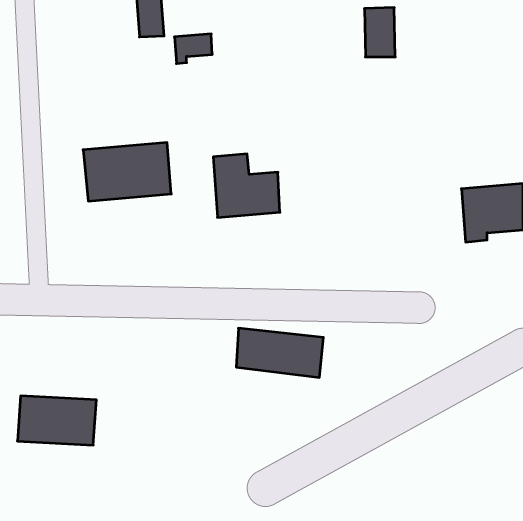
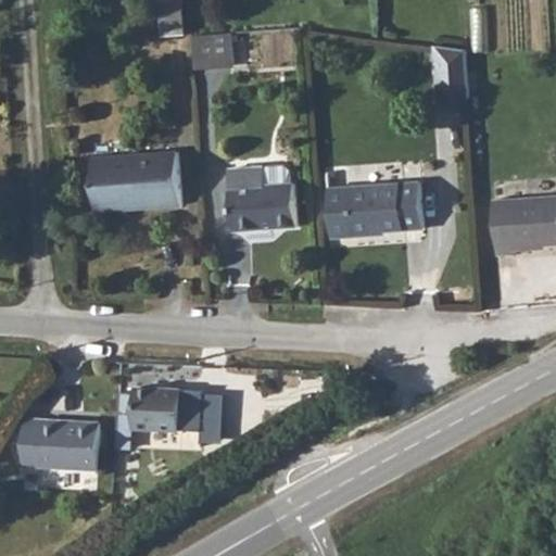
building: [364,8,395,57] -> [434,48,467,100]
building: none -> [329,187,424,243]
building: [236,328,323,377] -> [130,377,223,429]

